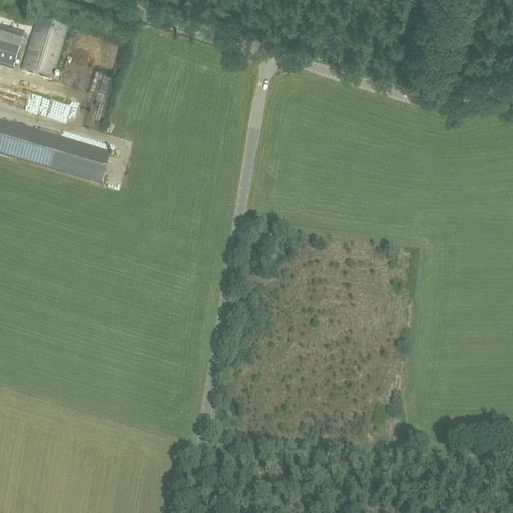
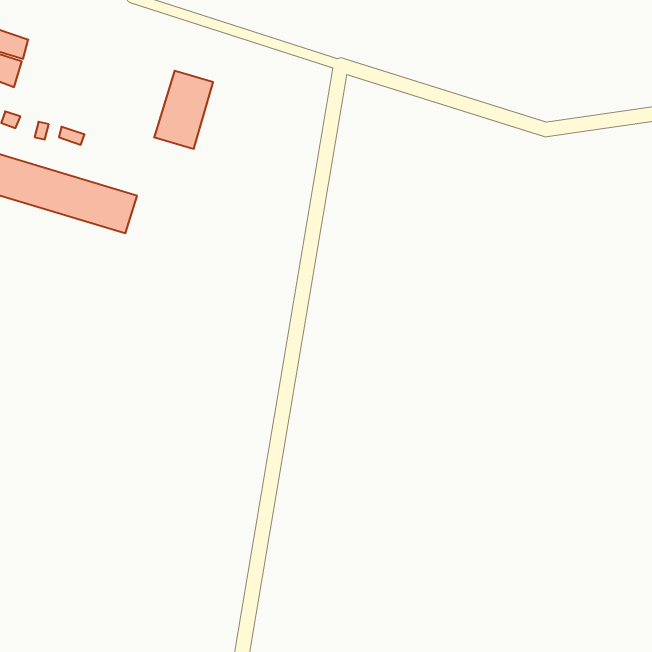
building: [19,17,65,78] -> [154,71,213,149]

